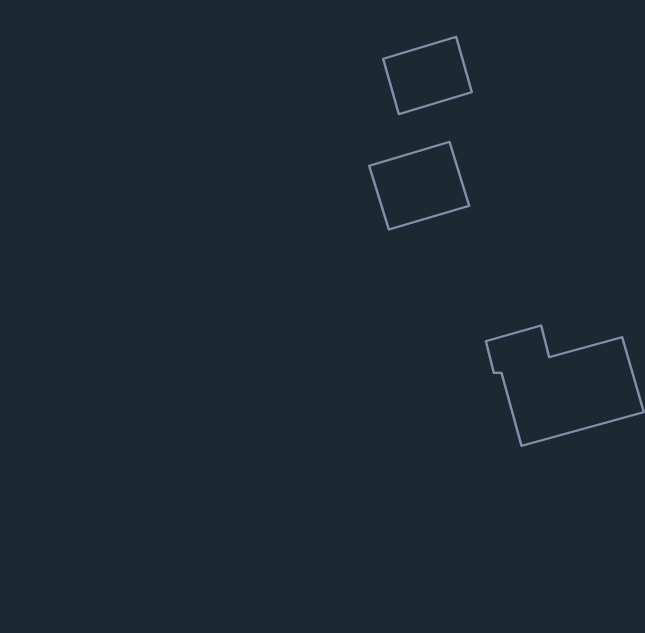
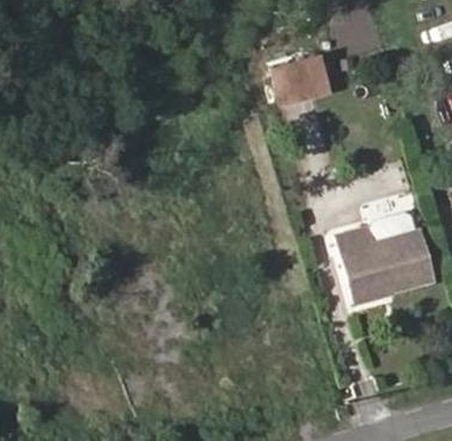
building: [369,142,469,230] -> none

